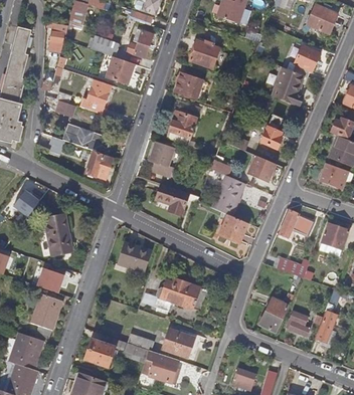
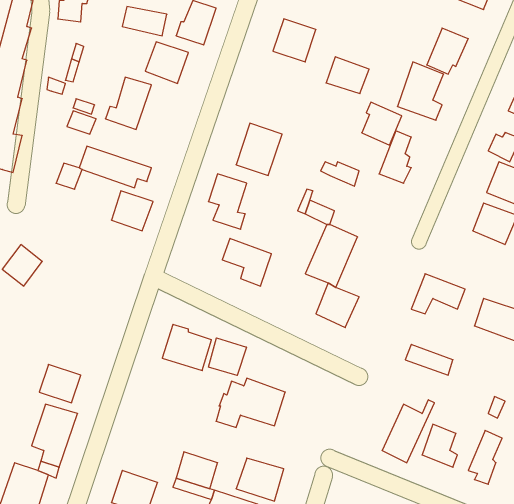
building: [174,72,202,96] -> [326,57,369,94]
building: [247,155,274,183] -> [362,102,402,145]
building: [45,213,70,254] -> none
building: none -> [209,338,246,375]

